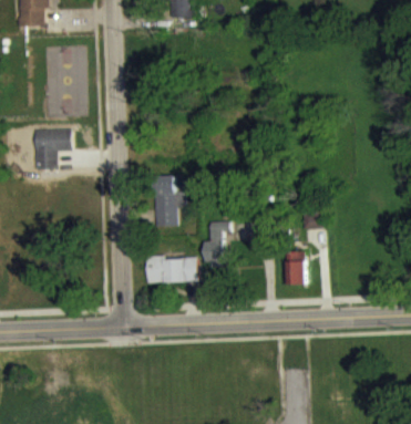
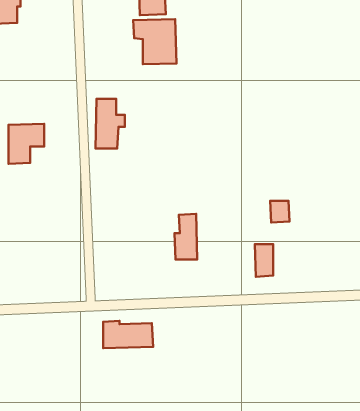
building: none -> [133,19,177,64]
building: [153,175,183,226] -> [96,99,125,149]
building: [146,255,197,282] -> [103,321,153,348]

